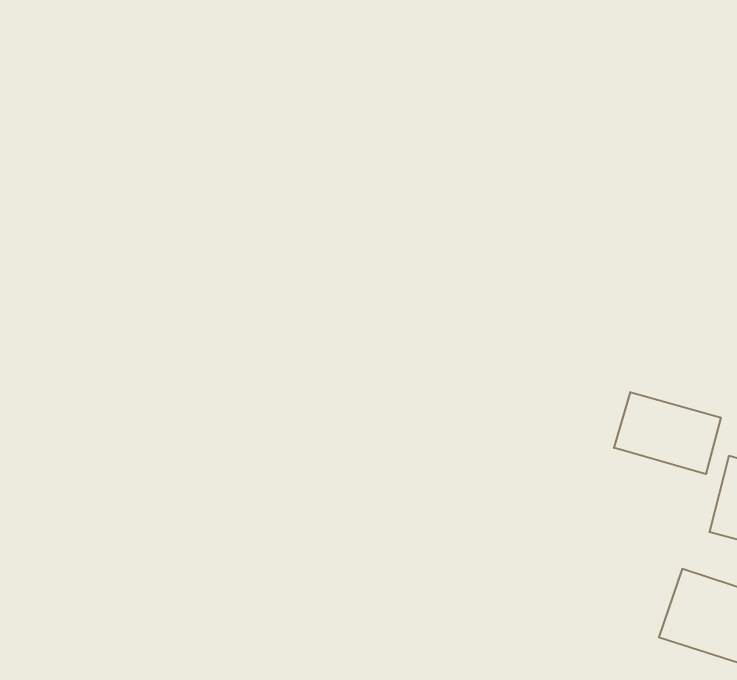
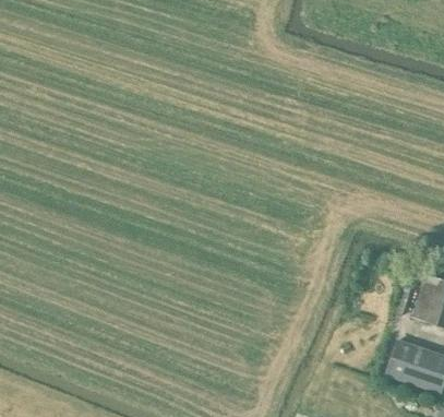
building: [614,392,721,474] -> none

